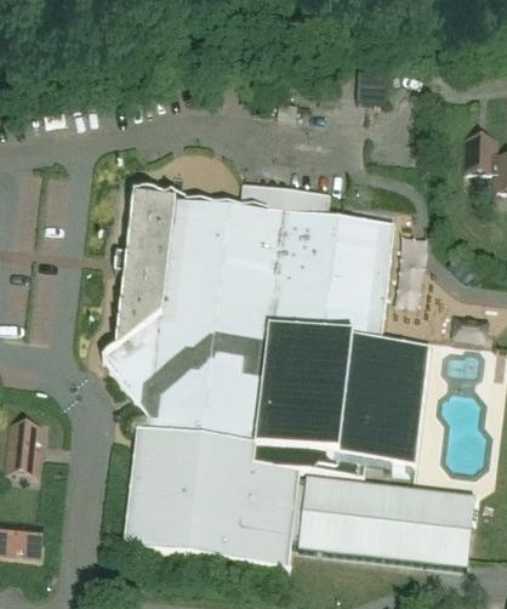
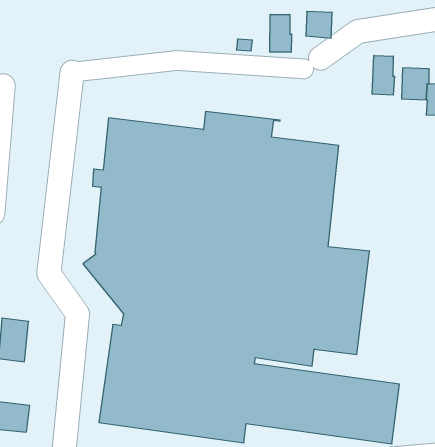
building: none -> [270,14,292,52]
building: none -> [372,55,395,95]

